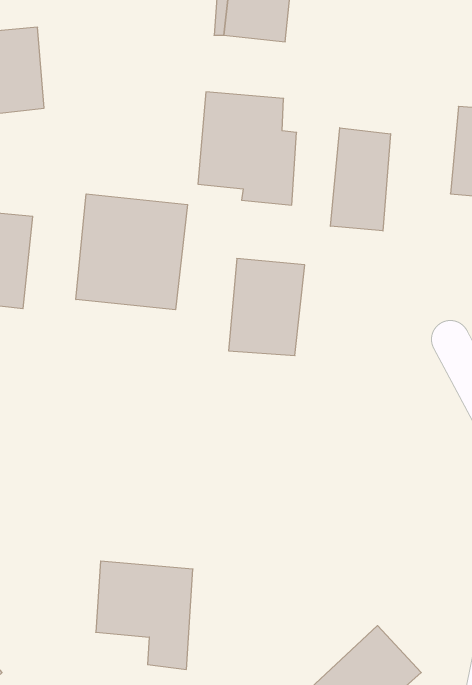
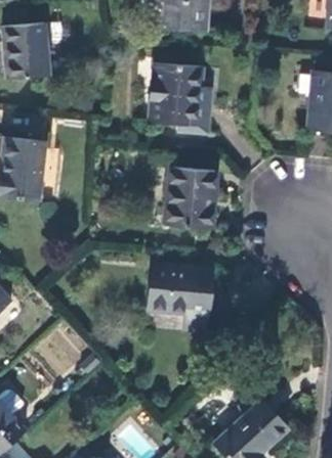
building: [330,128,391,231] -> none
building: [76,194,188,310] -> none
building: [96,561,193,669] -> [150,263,211,331]

